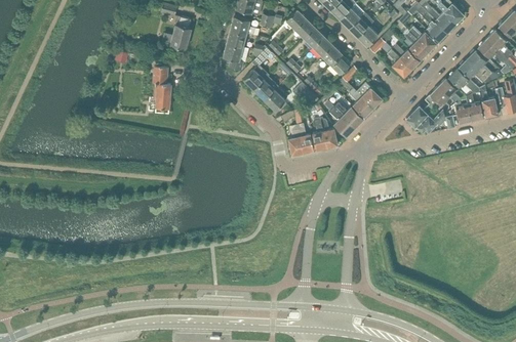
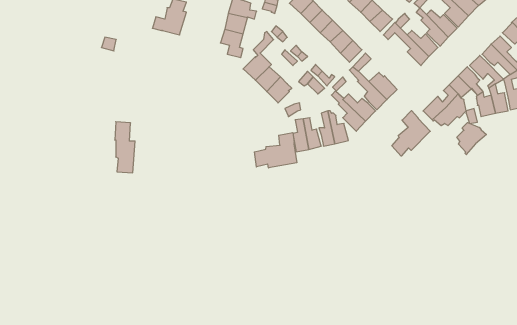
building: [153,67,171,113] -> [115,122,135,173]
building: none -> [392,111,430,156]
building: none -> [457,123,486,155]
building: none -> [254,133,297,168]

